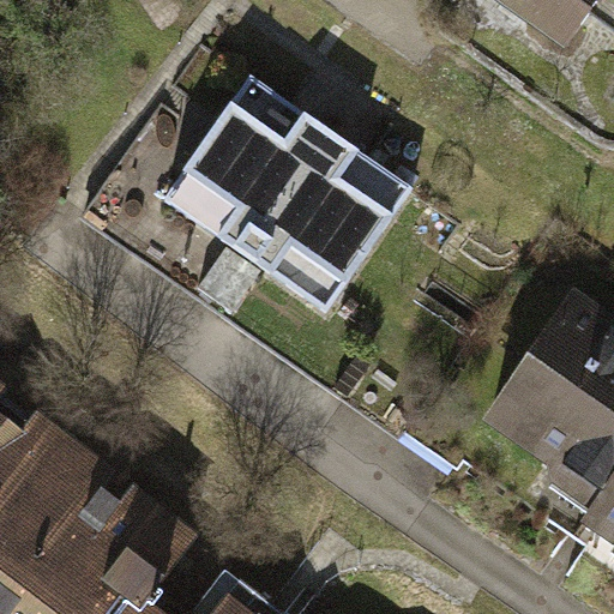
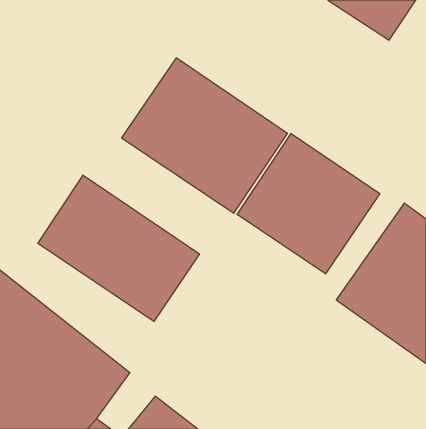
building: none -> [237,133,380,274]
building: none -> [38,175,199,321]

